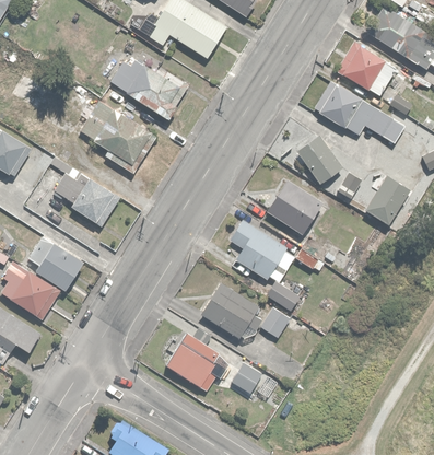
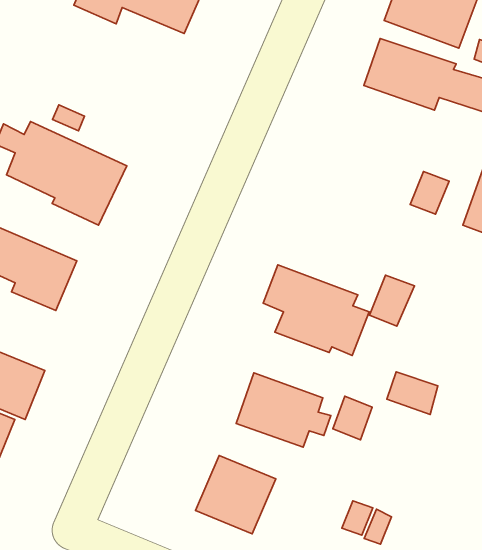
building: [110,61,191,120] -> none
building: [295,136,342,184] -> none
building: [267,179,322,234] -> none
building: [266,280,300,311] -> [387,372,438,414]
building: [231,363,262,395] -> none

